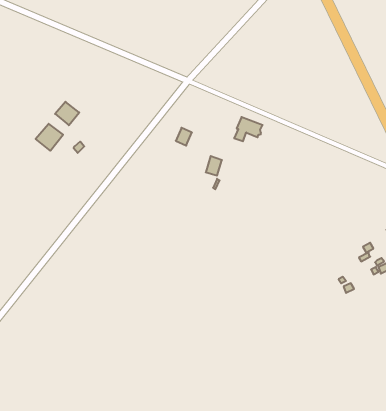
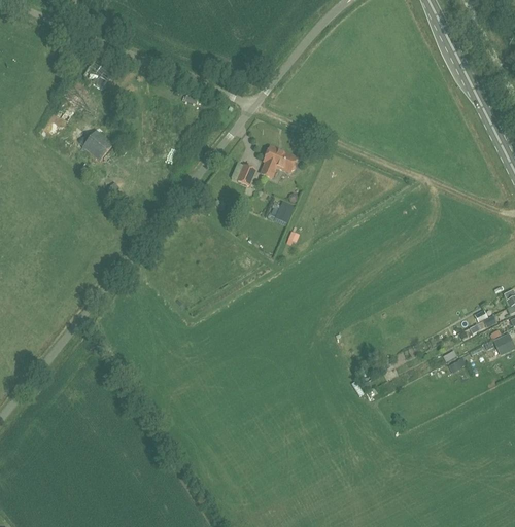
building: [234,117,263,141] -> [261,145,297,176]
building: [36,124,63,151] -> none

